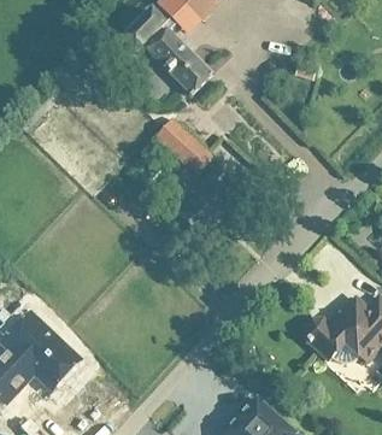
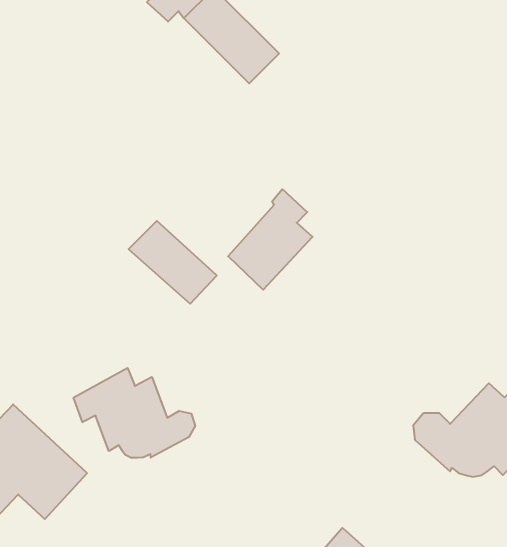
building: [155,119,216,176] -> [129,221,217,304]
building: none -> [74,368,195,458]

